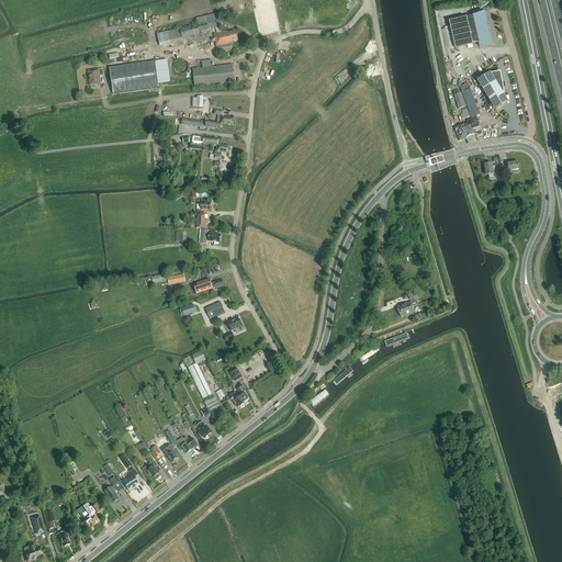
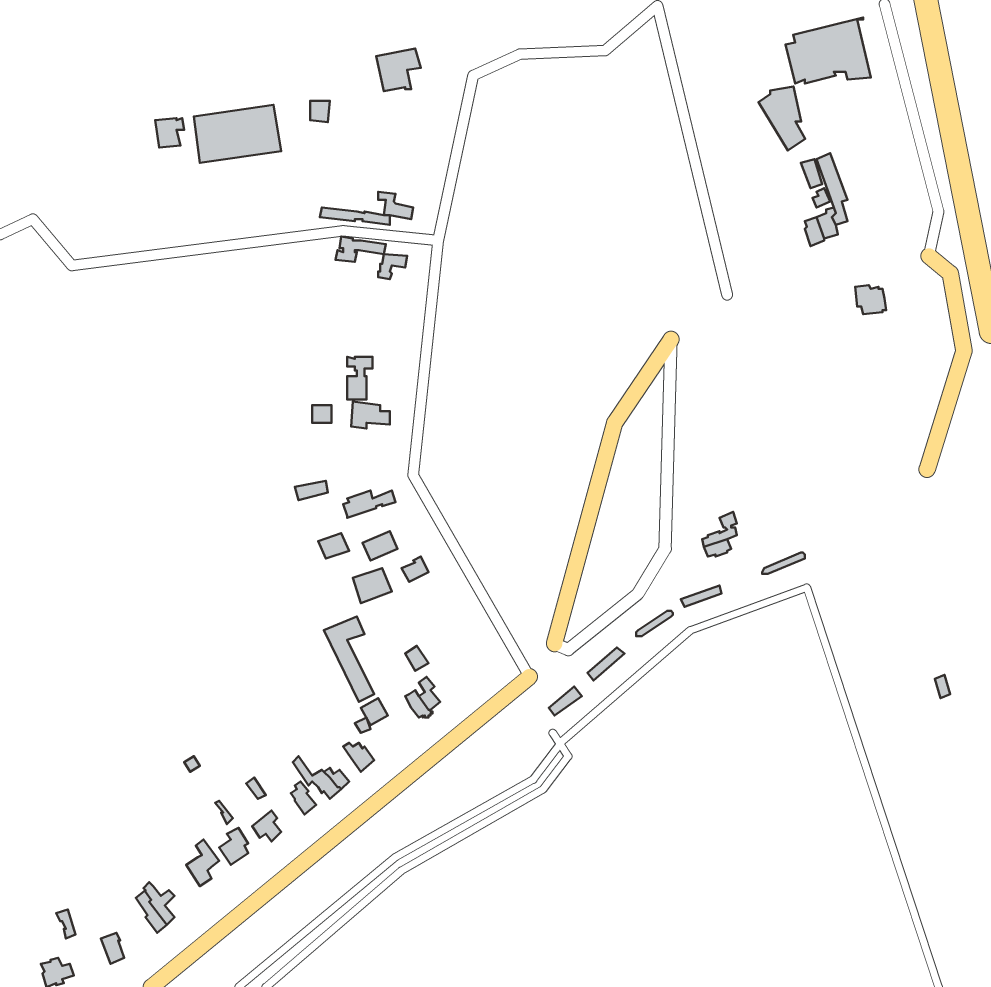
building: [159,13,212,45] -> none
building: [193,58,234,86] -> none
building: [480,70,506,106] -> [759,86,805,150]

